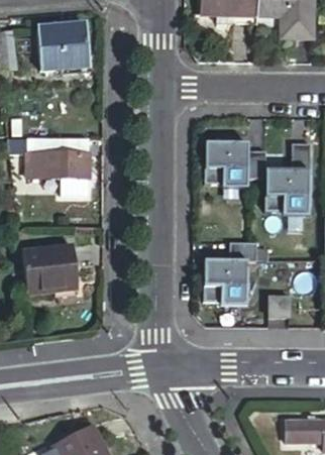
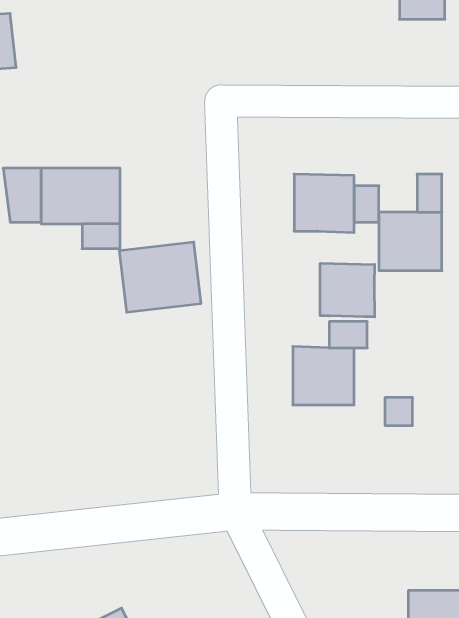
building: [39,25,88,68] -> none
building: none -> [320,263,375,317]
building: [22,244,79,293] -> [119,242,201,312]

